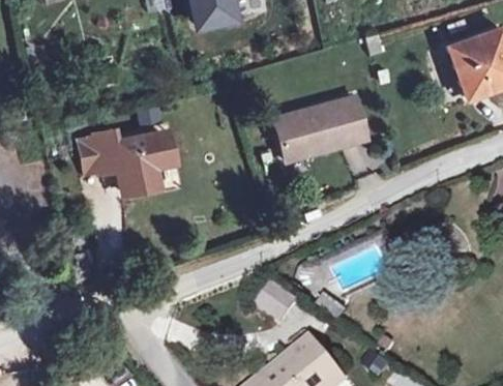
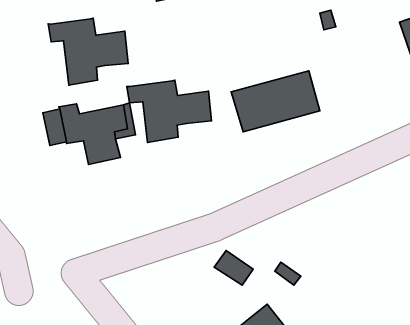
building: none -> [48,18,128,85]
building: none -> [127,80,211,142]

